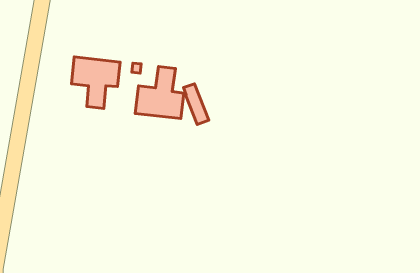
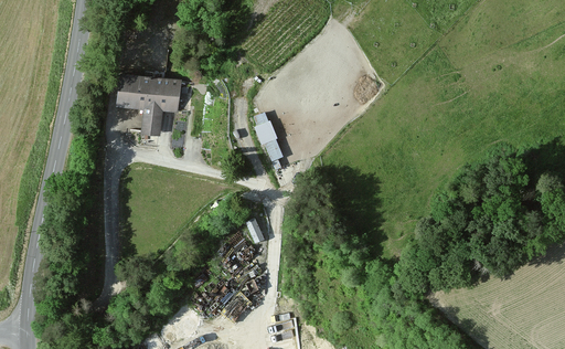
building: [135,66,184,118] -> none

